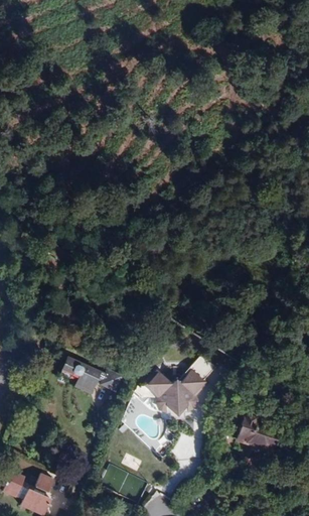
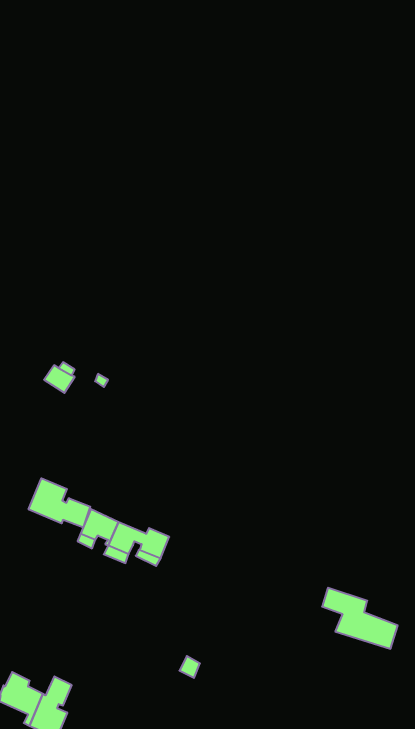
building: none -> [29,478,90,527]
building: [146,353,215,412] -> none

